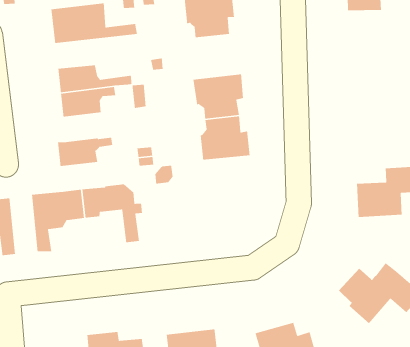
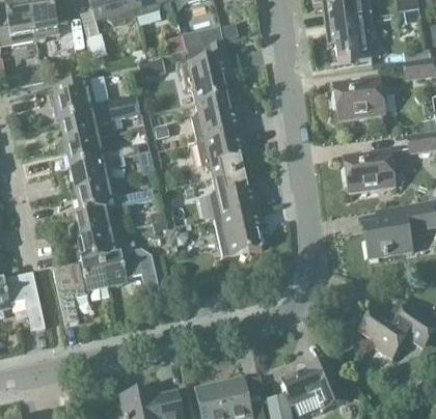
building: none -> [333,77,384,119]
building: none -> [191,94,243,141]
building: none -> [60,104,140,144]
building: none -> [344,149,393,192]
building: none -> [76,183,154,214]
building: none -> [214,208,265,256]
building: none -> [78,230,136,261]

